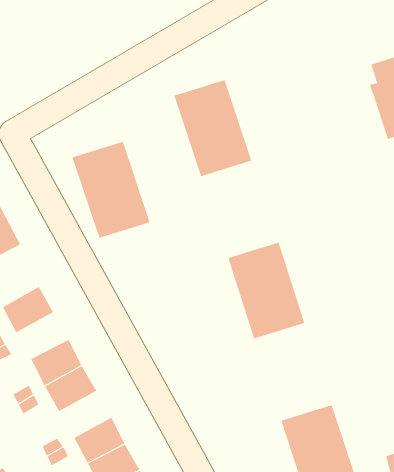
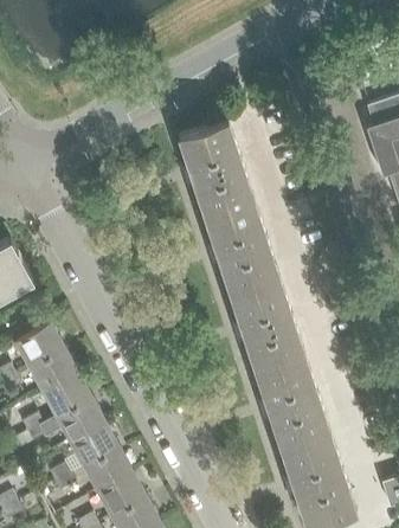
building: [72,141,150,239] -> [204,199,279,292]
building: none -> [26,345,77,389]
building: none -> [255,355,330,449]
building: none -> [67,420,118,465]

